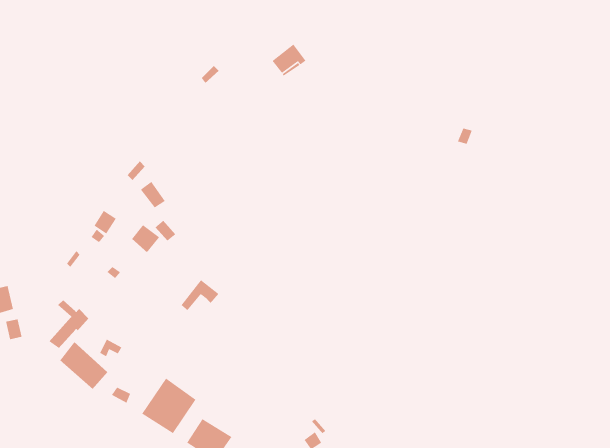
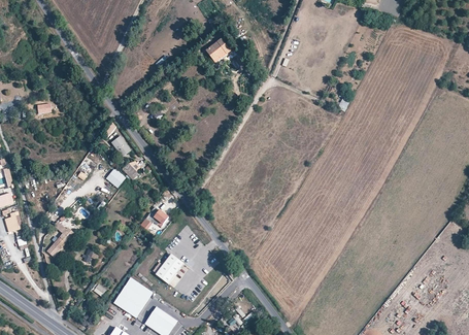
building: [59,341,108,390] -> none
building: none -> [156,254,183,283]

